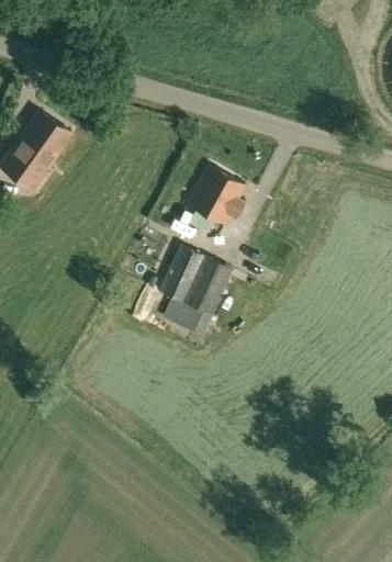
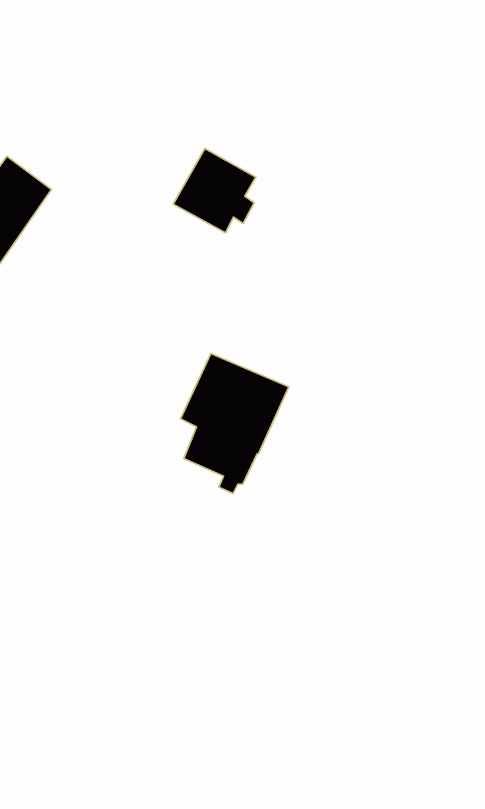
building: [188,167,245,225] -> [173,149,256,233]

